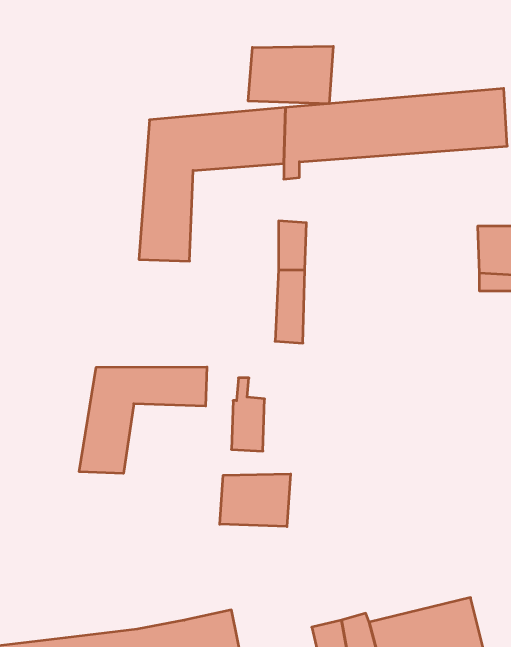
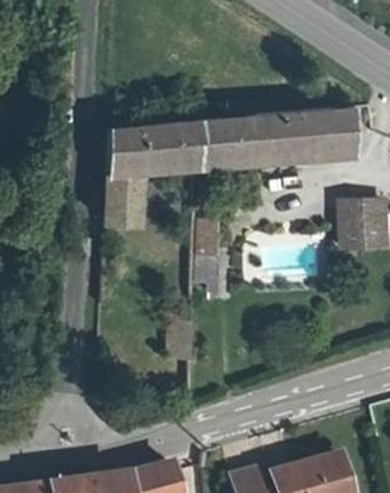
building: [248,46,333,104] -> none
building: [79,367,207,473] -> none
building: [220,474,291,527] -> none

